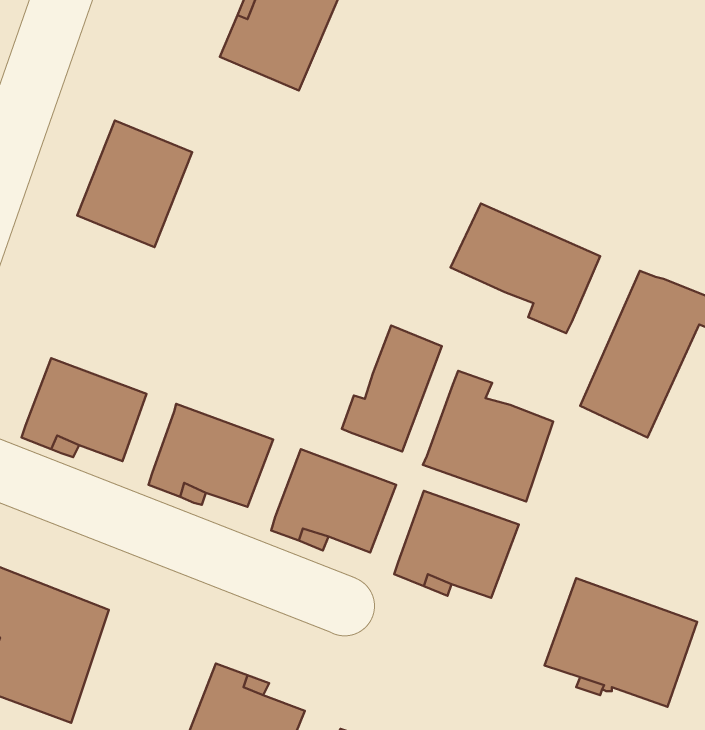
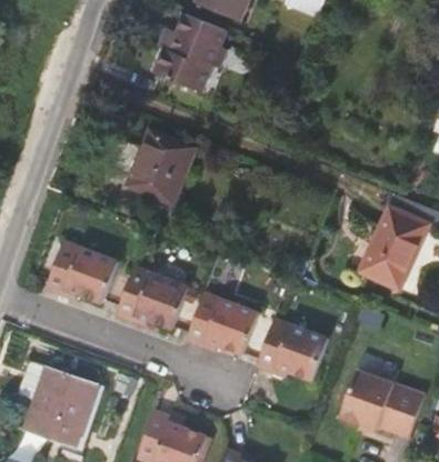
building: [77,120,192,247] -> [128,130,192,201]
building: [450,203,600,333] -> none
building: [342,326,442,451] -> none
building: [423,371,553,502] -> none

